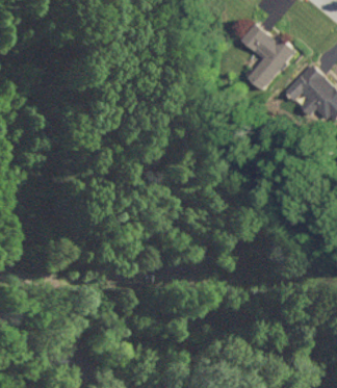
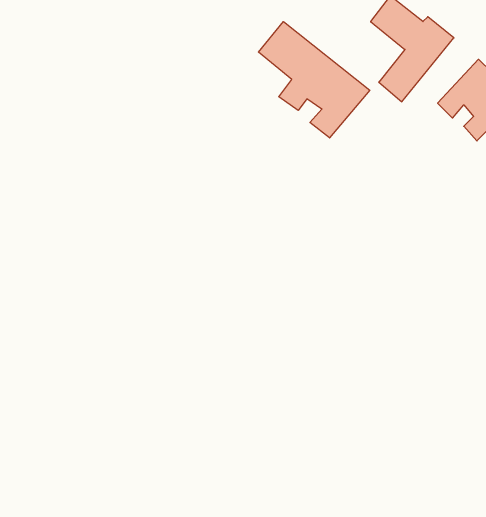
building: none -> [258,22,370,138]

